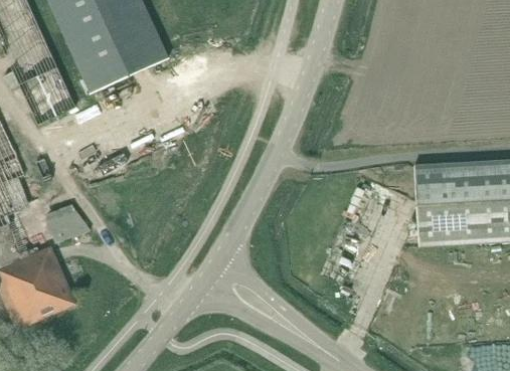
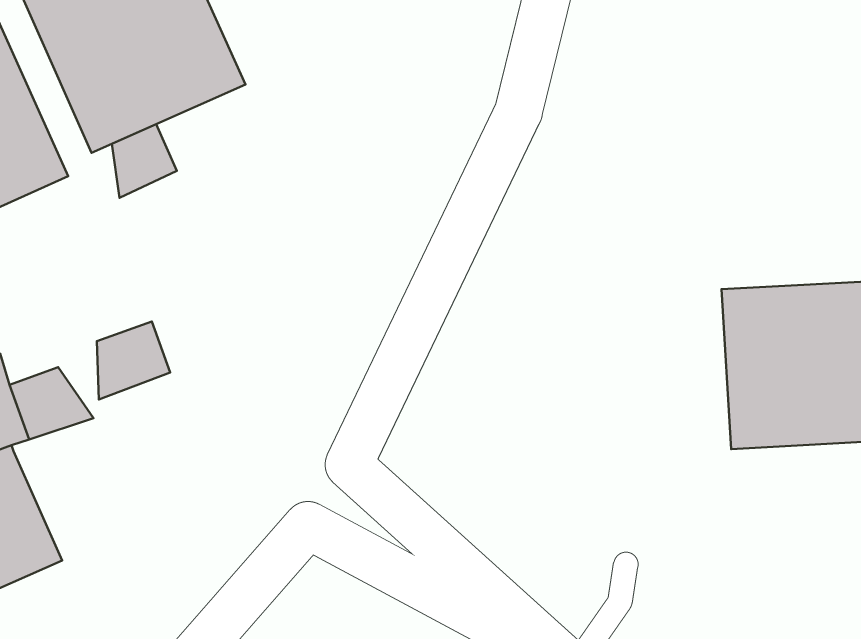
building: none -> [112,124,177,198]
building: none -> [97,322,170,399]

